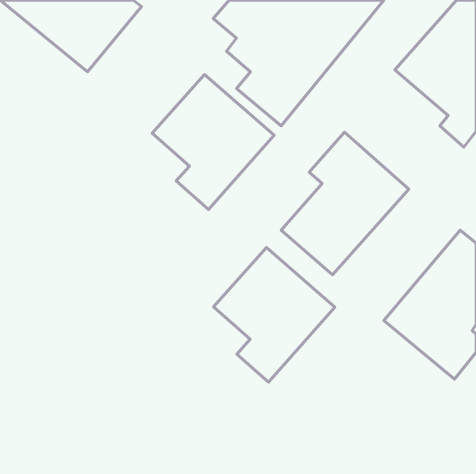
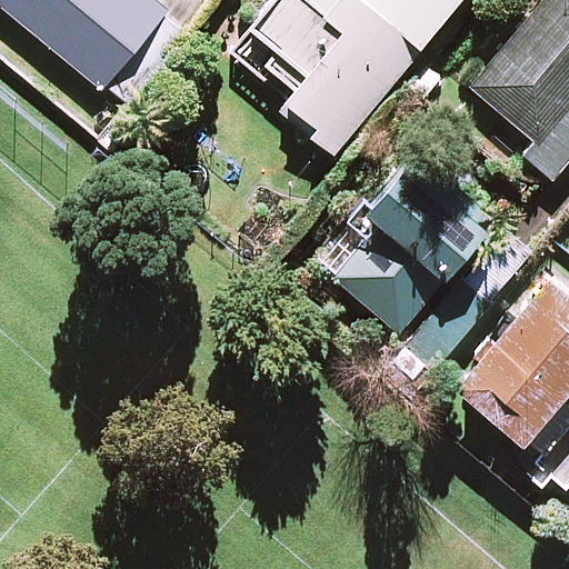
building: [152,74,274,210] -> none
building: [214,248,335,382] -> none

